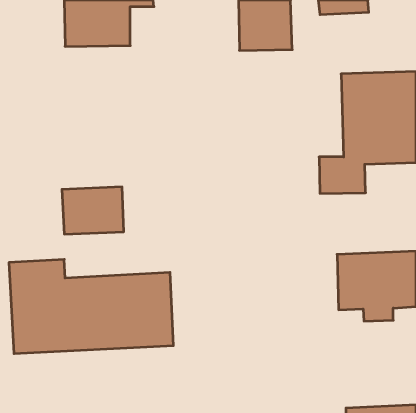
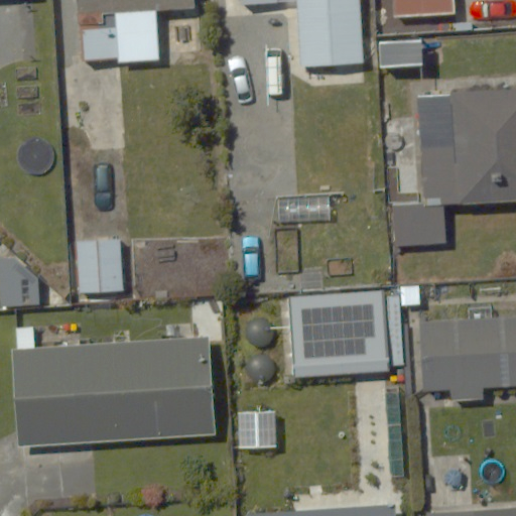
building: none -> [265,290,406,392]

